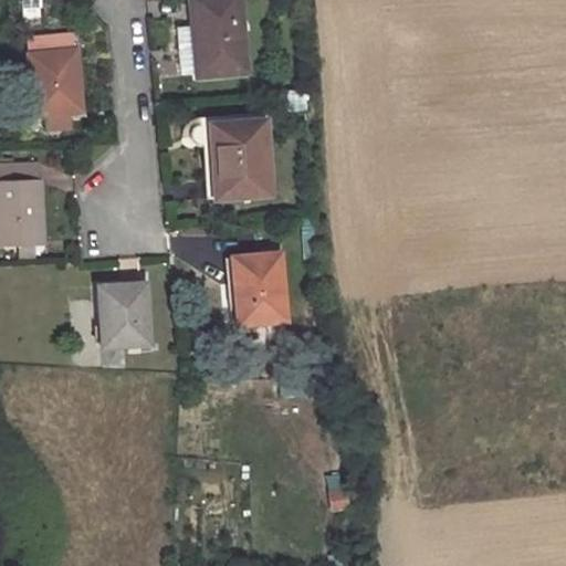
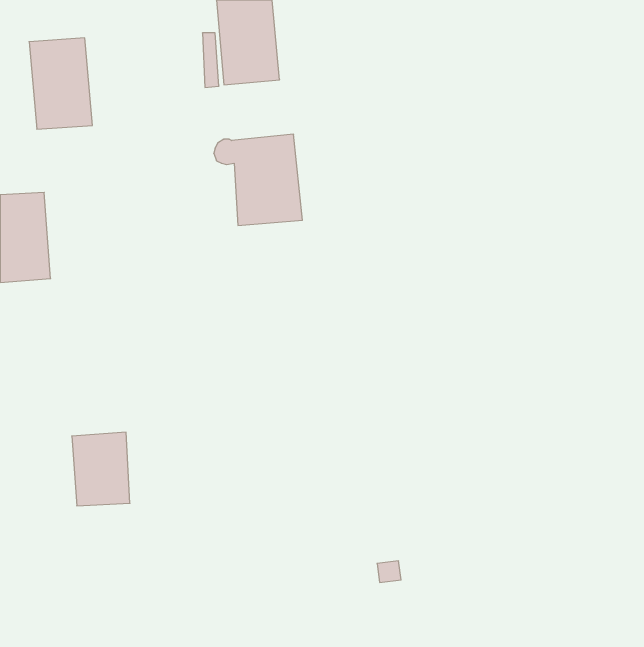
building: [234,259,295,329] -> none
building: [97,281,148,345] -> [72,432,130,506]

